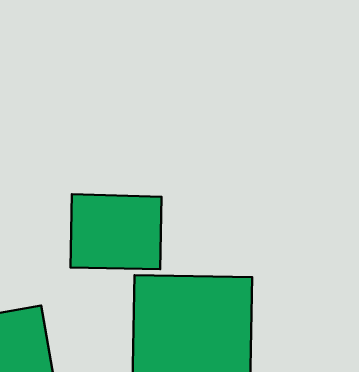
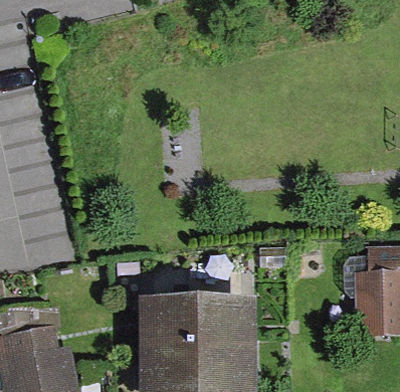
building: [71,194,162,269] -> none

